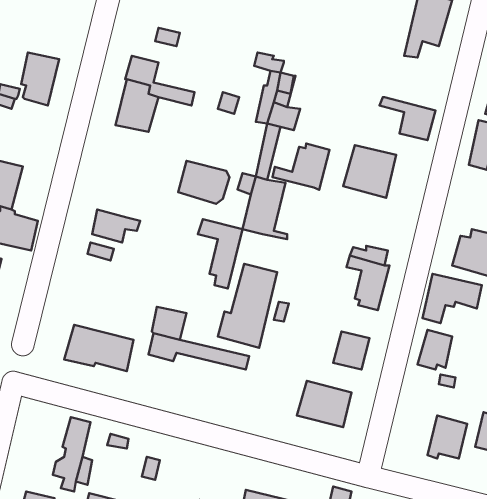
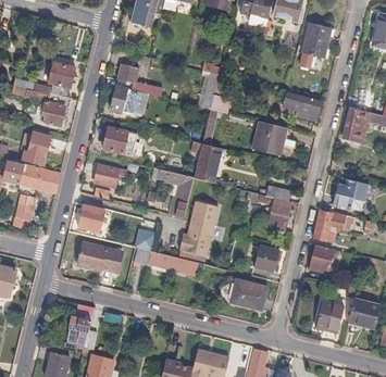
building: none -> [41,92,66,125]
building: [272,144,329,190] -> none
building: [178,161,229,204] -> [102,127,136,155]
building: none -> [78,204,104,231]

